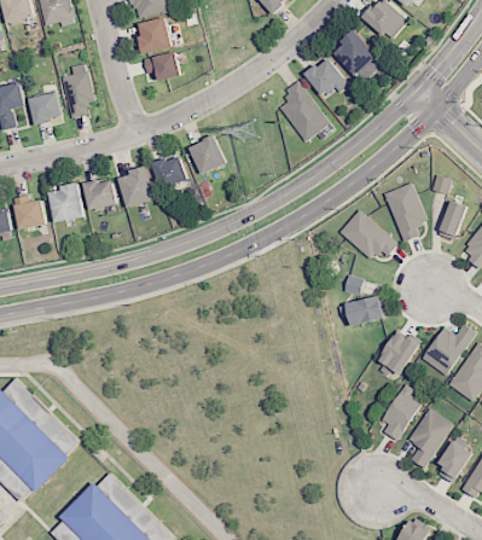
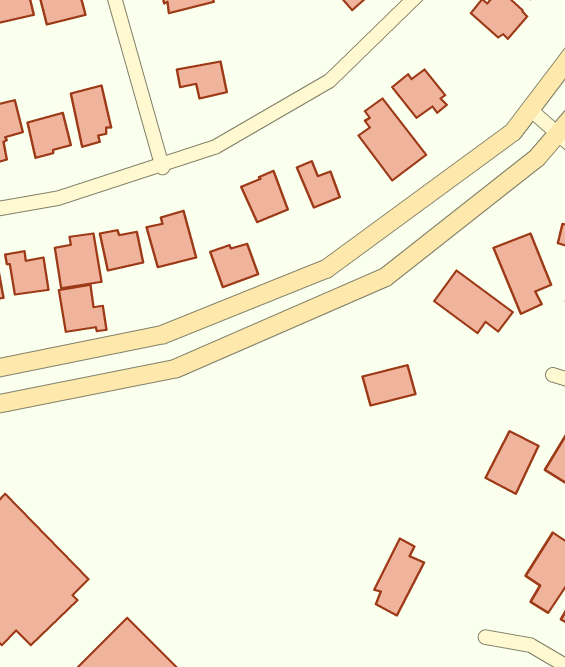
building: [140,17,174,54] -> none
building: [336,28,381,79] -> none
building: none -> [297,161,340,208]
building: [153,157,190,190] -> [210,244,258,287]
building: none -> [59,285,106,332]
building: [343,296,383,326] -> [363,365,416,405]
building: [381,383,418,441] -> [374,538,424,616]

